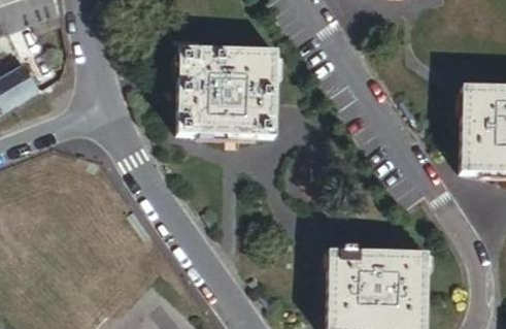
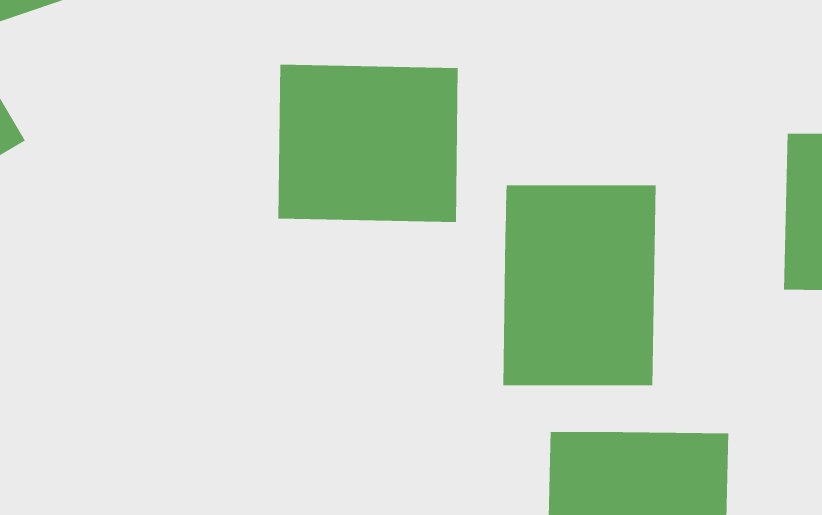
building: none -> [503,184,656,386]

